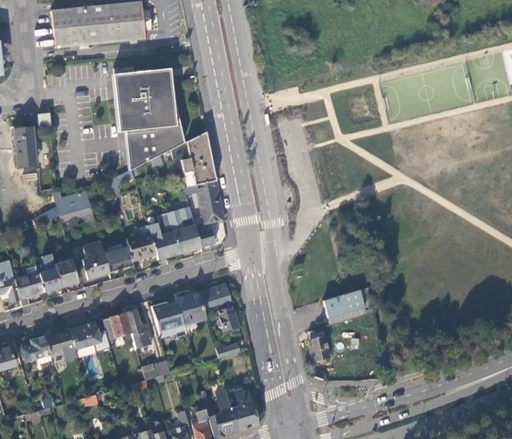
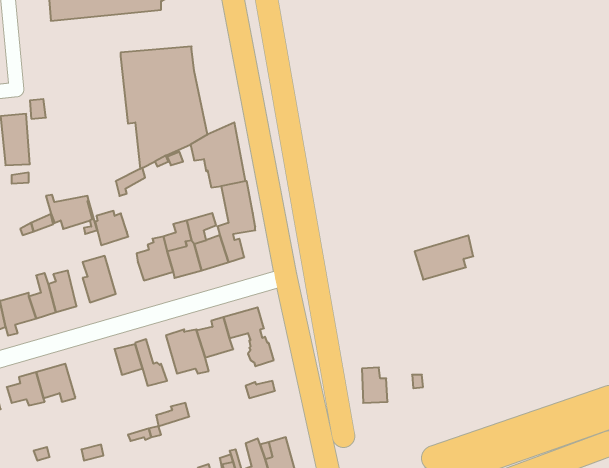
building: [105,244,132,272] -> [95,211,128,245]
building: [323,288,371,324] -> [415,235,473,280]
building: [67,321,101,356] -> none

